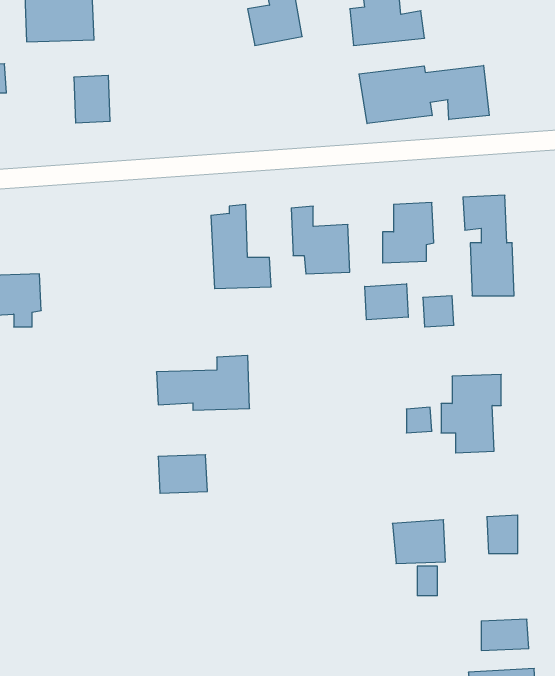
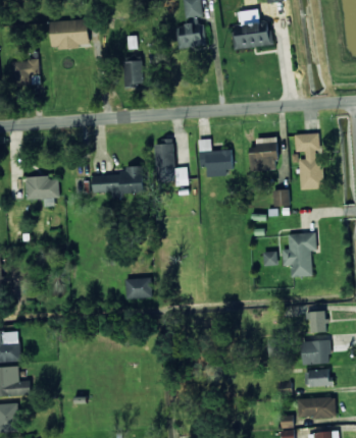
building: [359,65,489,124] -> none
building: [74,75,110,123] -> [123,60,144,87]
building: [365,284,408,320] -> none
building: [156,355,250,410] -> [92,165,144,196]
building: [392,520,445,564] -> [301,339,330,364]

